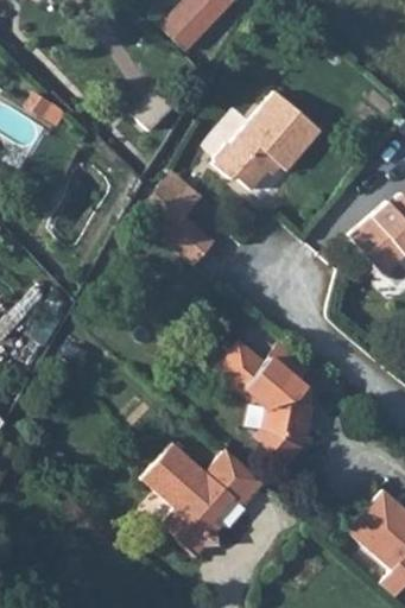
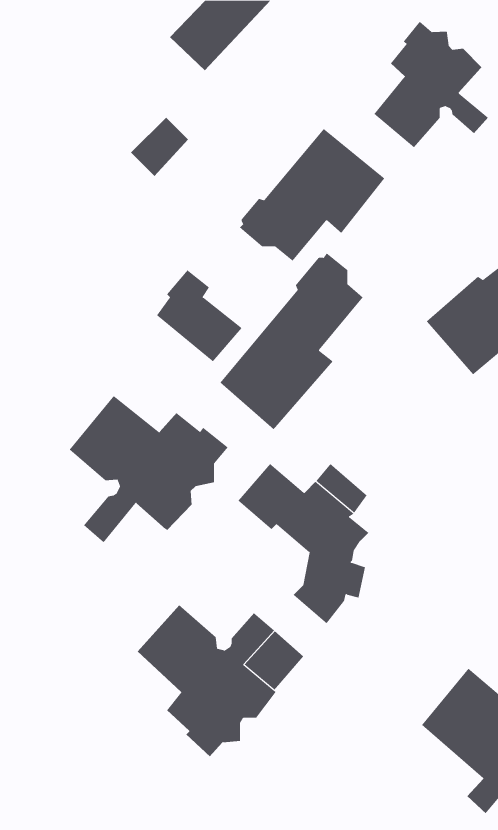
building: none -> [374,21,489,148]
building: none -> [219,252,364,430]
building: none -> [69,395,229,543]

